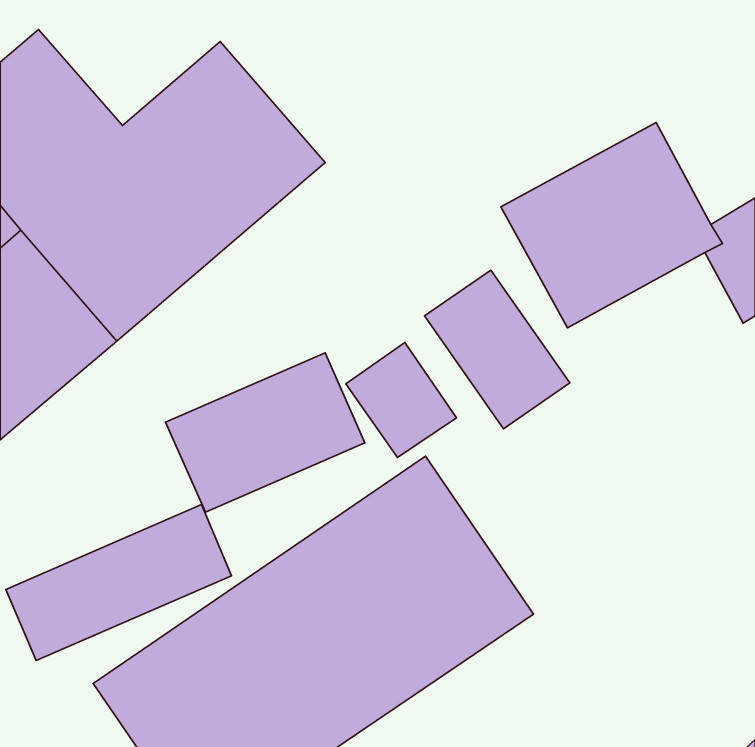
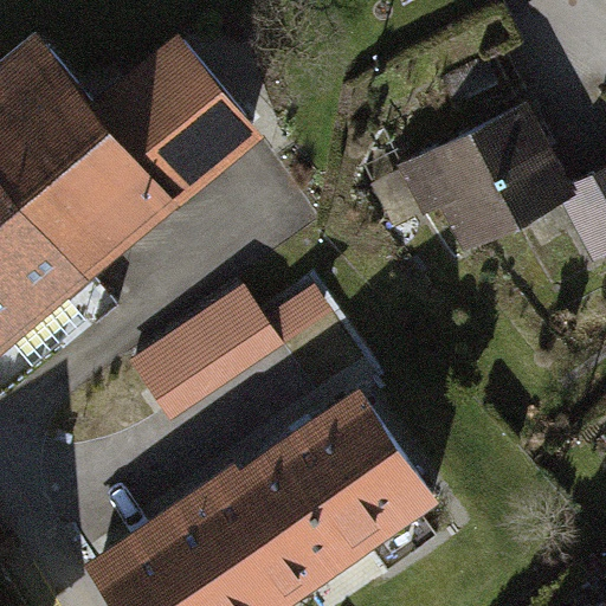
building: [424,270,570,429] -> none
building: [6,505,232,661] -> none

